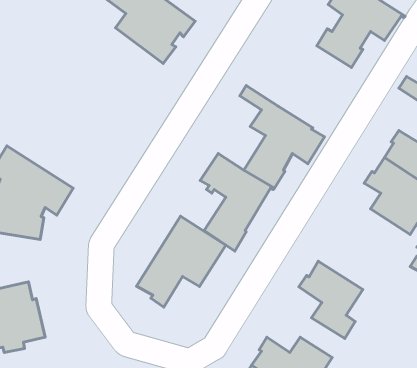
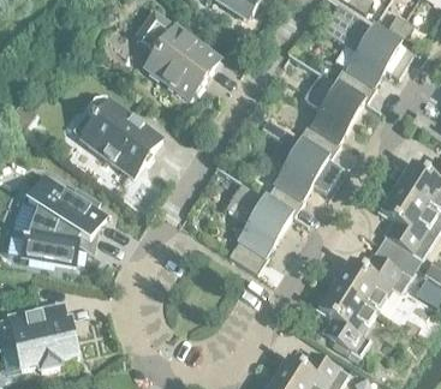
building: none -> [297,74,365,160]
building: none -> [85,96,161,176]
building: [137,216,226,307] -> none
building: none -> [334,258,410,311]

